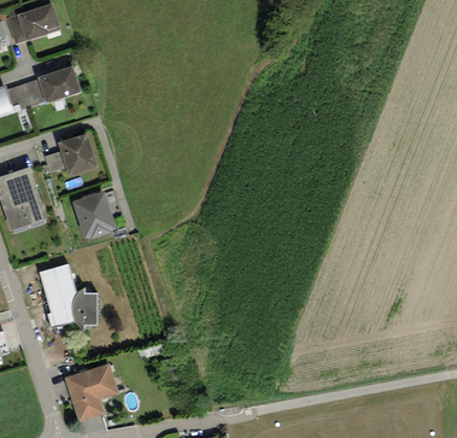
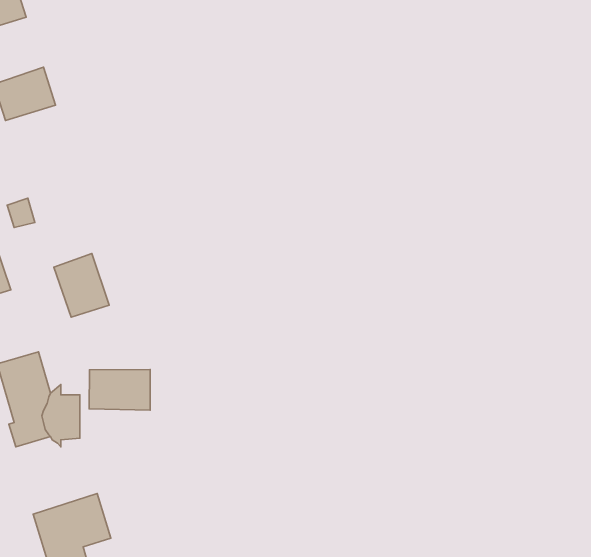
building: [61,136,99,177] -> none
building: none -> [89,369,150,410]

